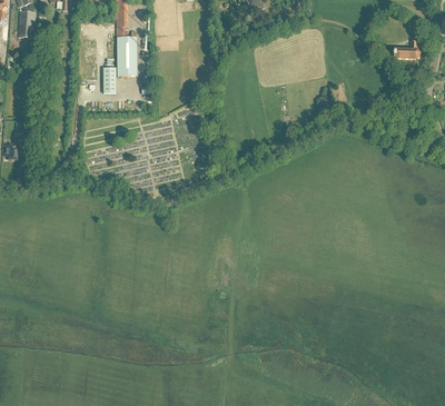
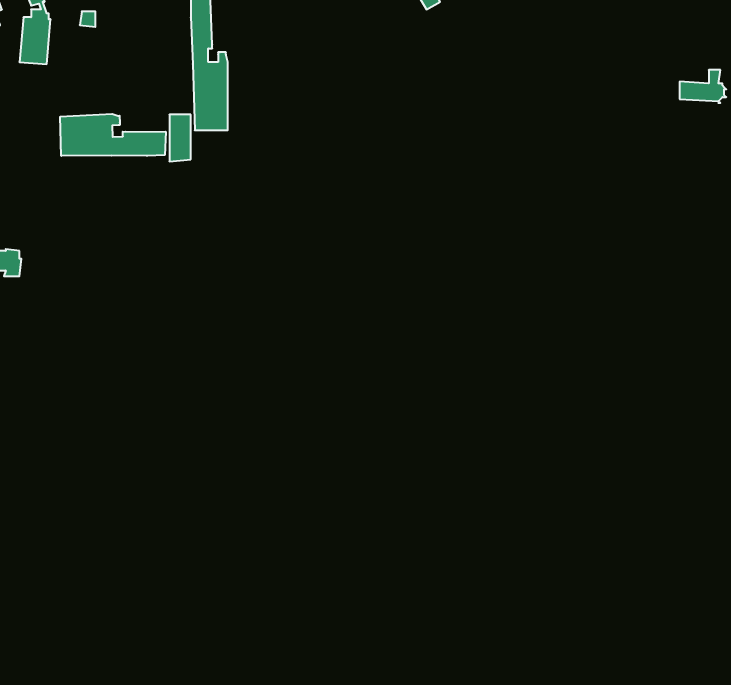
building: none -> [60,114,166,156]

